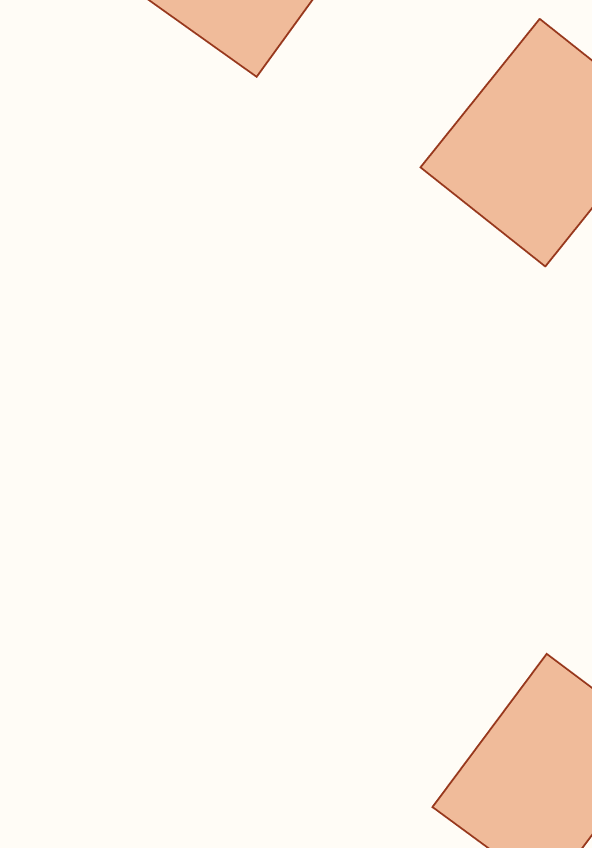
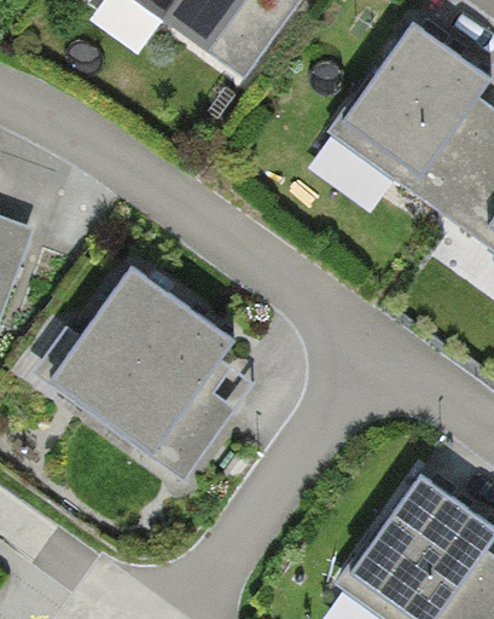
building: none -> [64,277,244,459]

